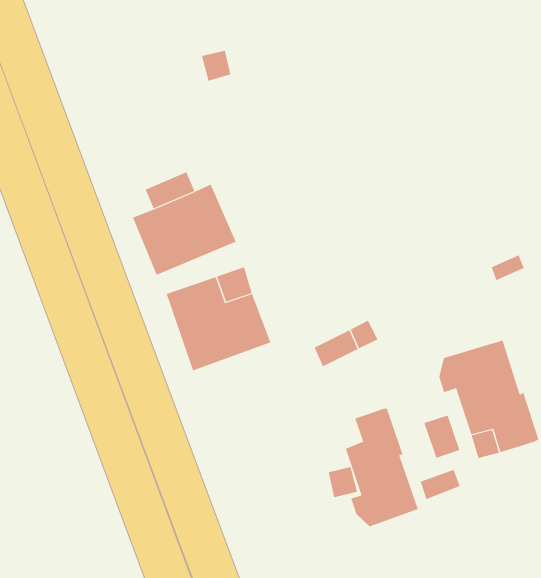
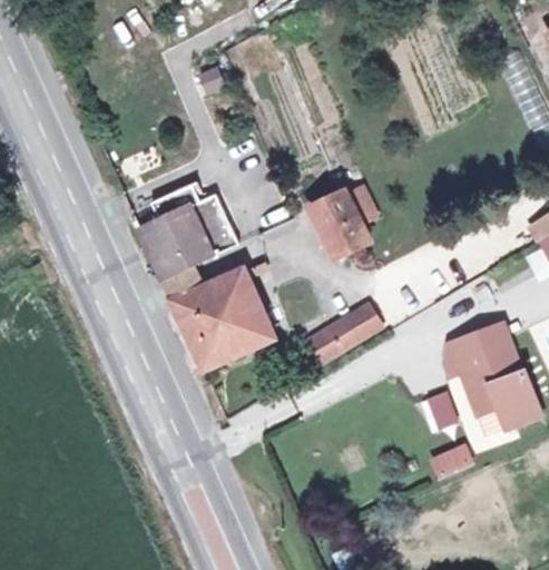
building: none -> [315,186,379,258]
building: [345,408,418,527] -> none

